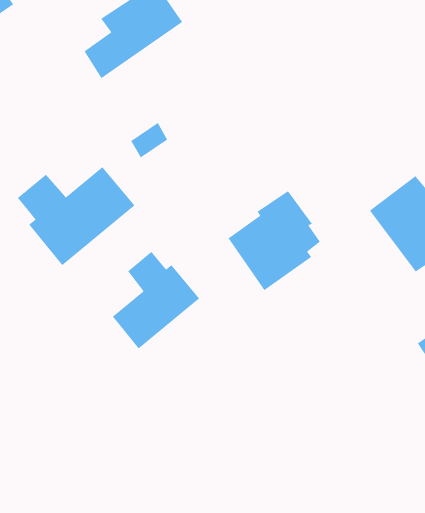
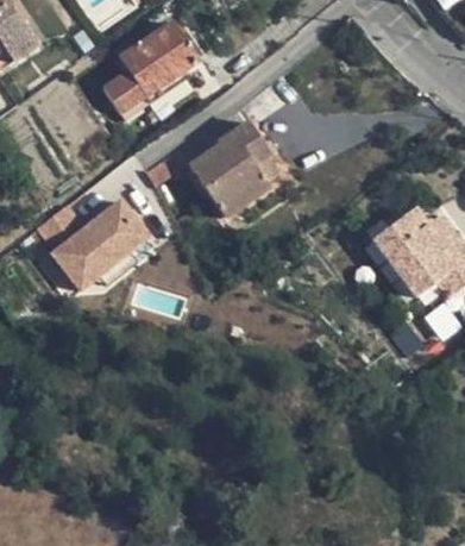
building: [227,190,321,291] -> [191,121,279,216]
building: [112,251,200,350] -> none

